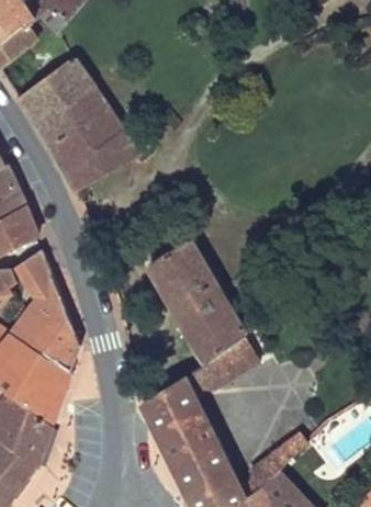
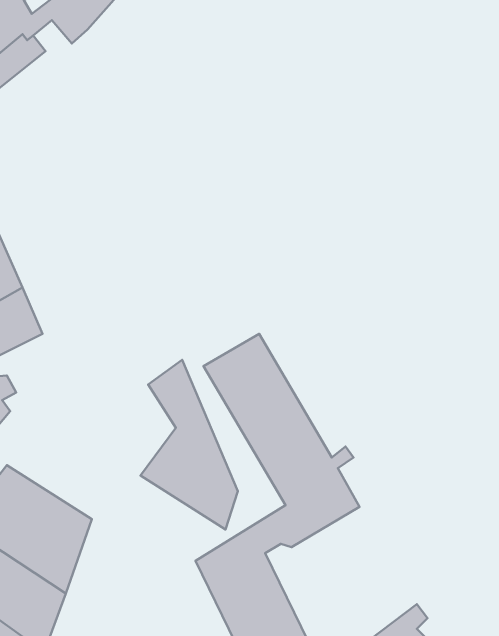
building: [18,56,138,192] -> none
building: [10,250,79,371] -> [140,360,238,530]

